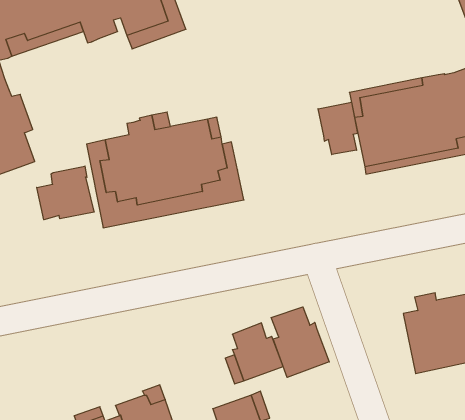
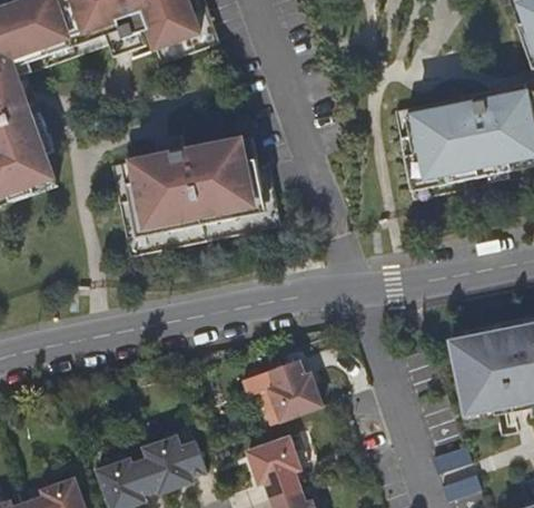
building: [318,102,358,155] -> none
building: [37,166,94,220] -> none
building: [271,307,329,377] -> none

